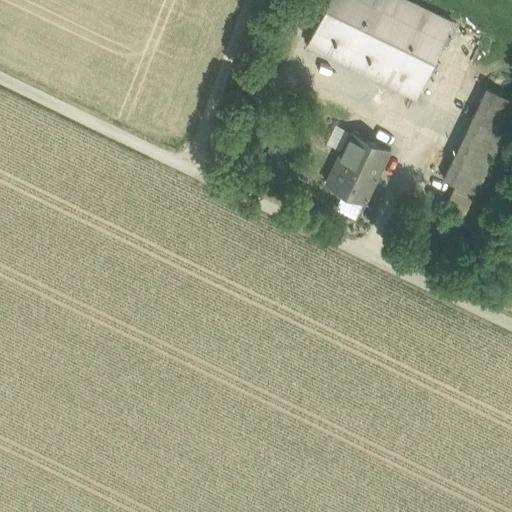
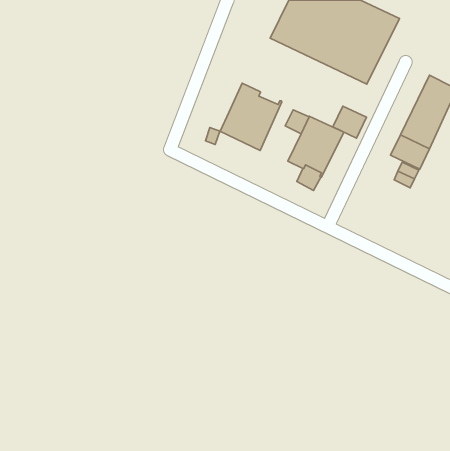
building: none -> [220,83,282,150]
building: none -> [333,106,366,138]

